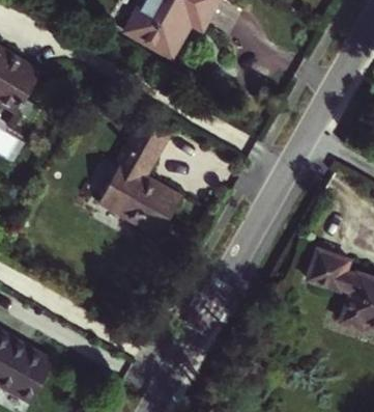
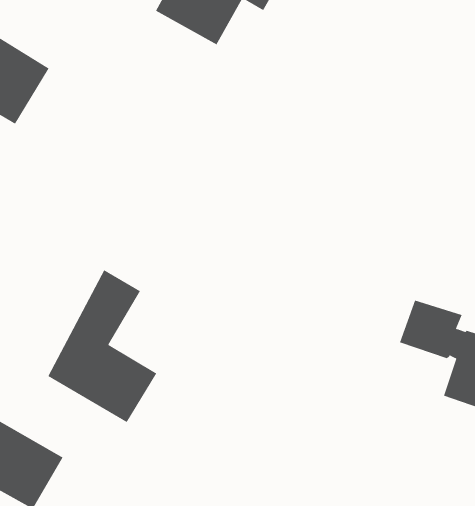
building: [98,121,181,238] -> [48,269,157,423]

